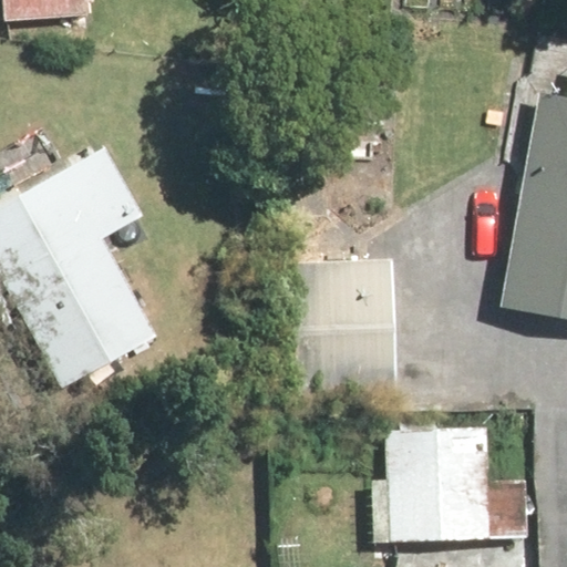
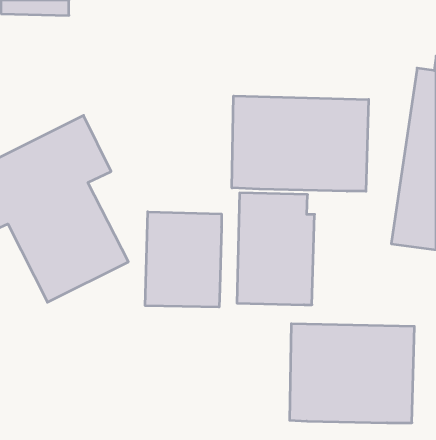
building: none -> [232,96,369,191]
building: none -> [145,212,221,307]

